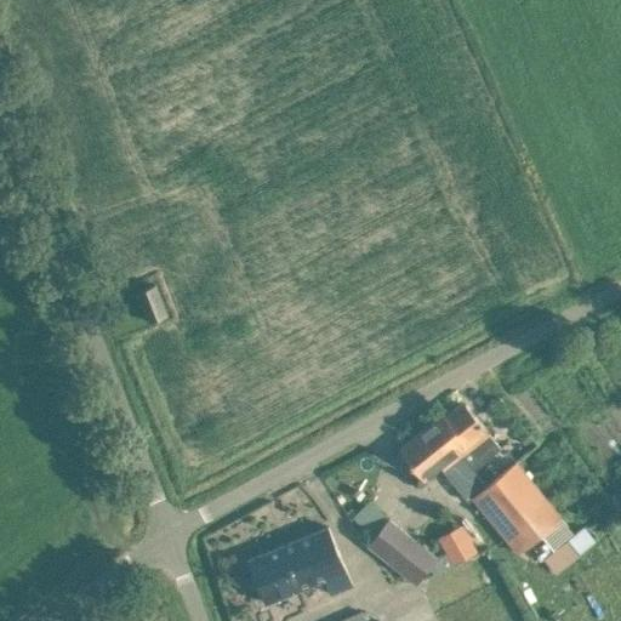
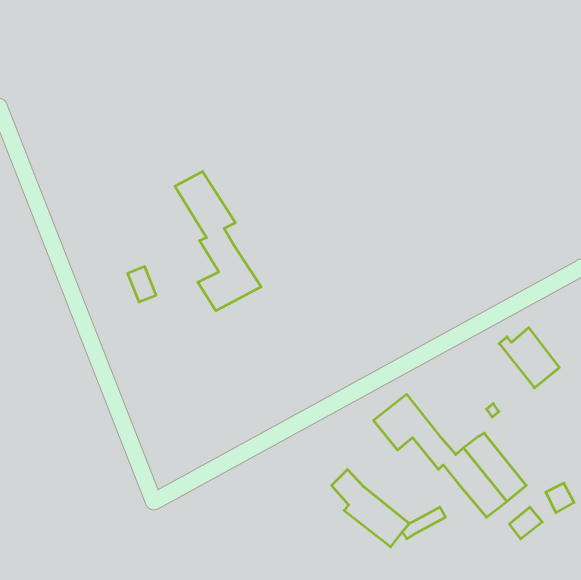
building: none -> [175,171,261,311]
building: [433,405,497,469] -> [499,328,559,388]
building: [249,530,349,603] -> none

